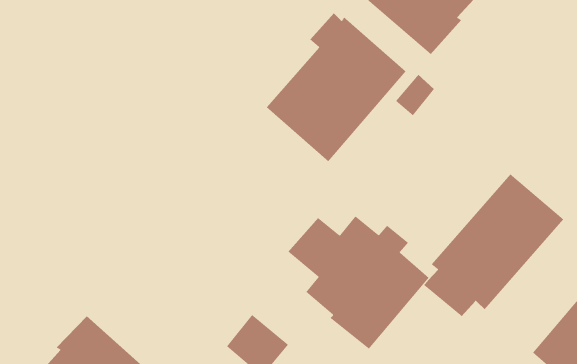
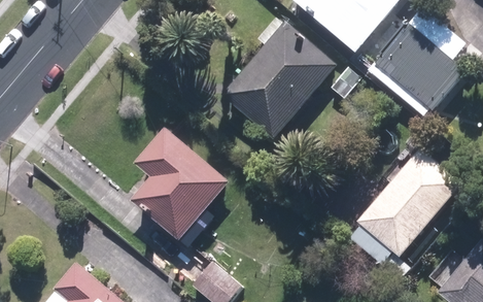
building: none -> [377,21,468,111]
building: none -> [131,128,230,240]
building: [288,215,429,349] -> none

